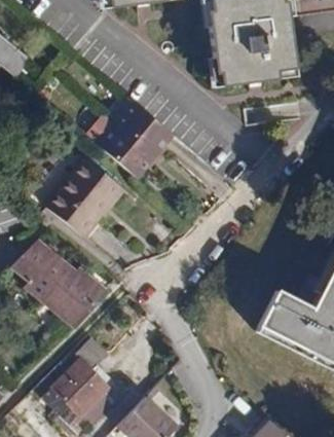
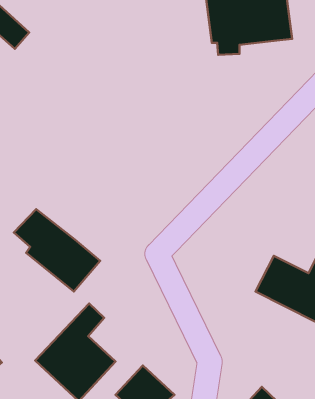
building: [100,104,174,180] -> none
building: [47,155,124,236] -> none

